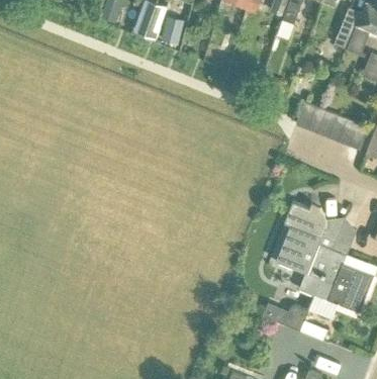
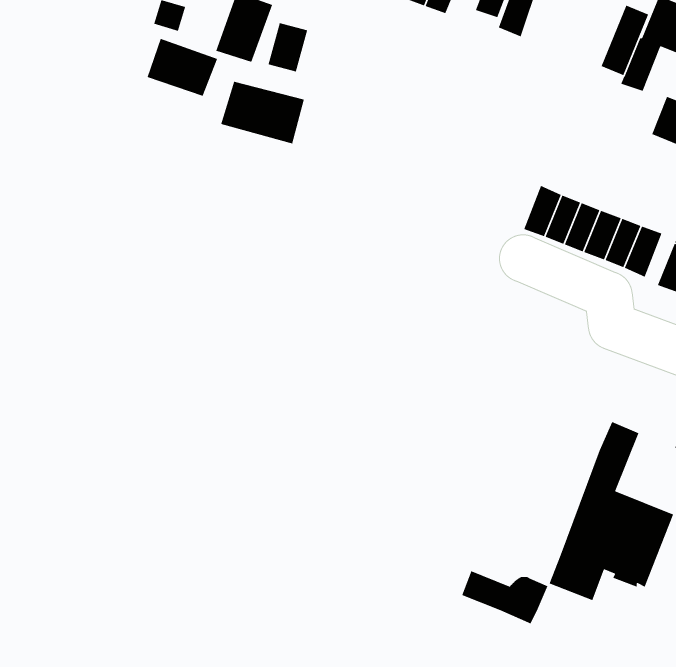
building: none -> [146,38,218,97]
building: none -> [220,81,305,145]
building: [275,200,335,294] -> none

